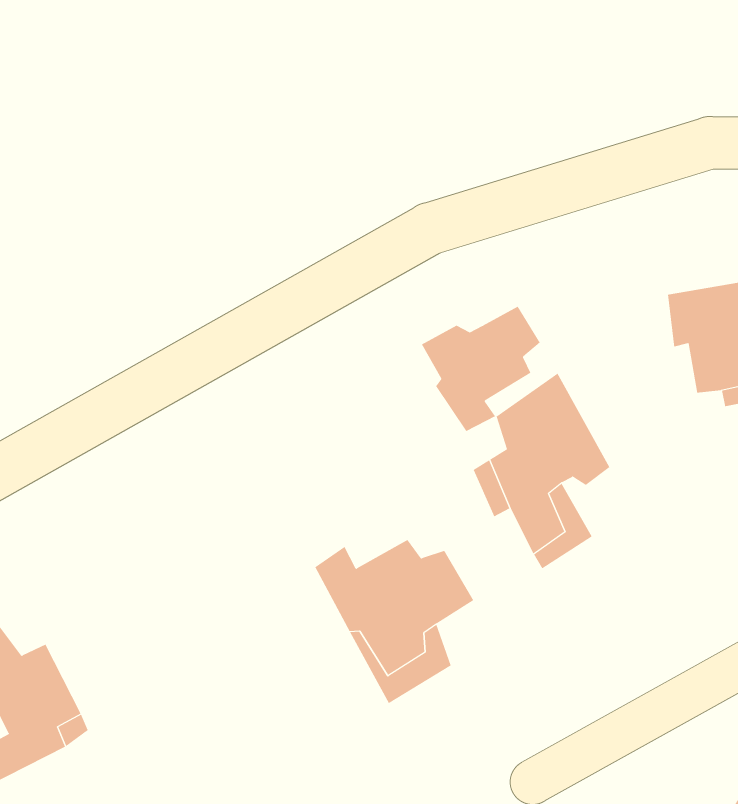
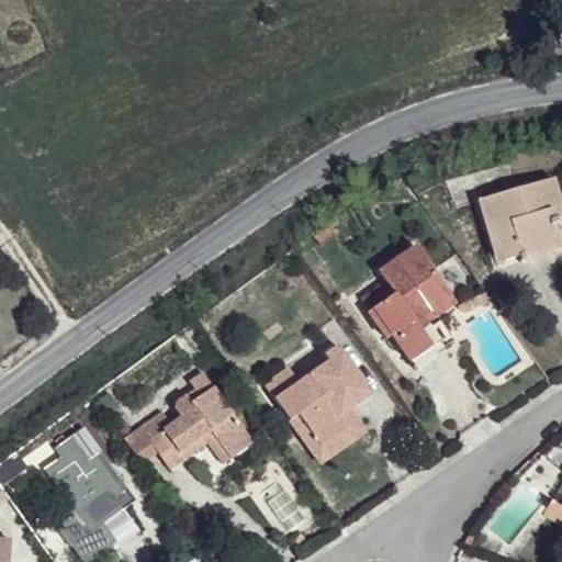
building: [421,306,540,432] -> none
building: none -> [140,369,257,471]

